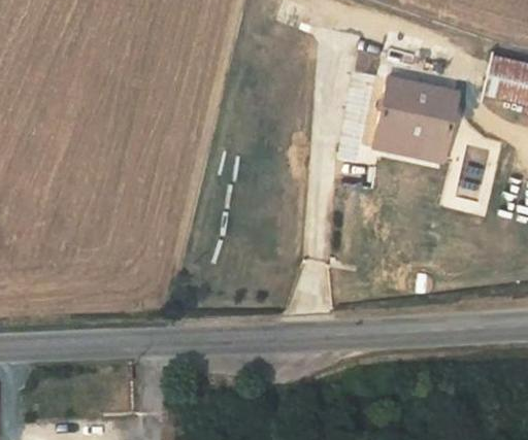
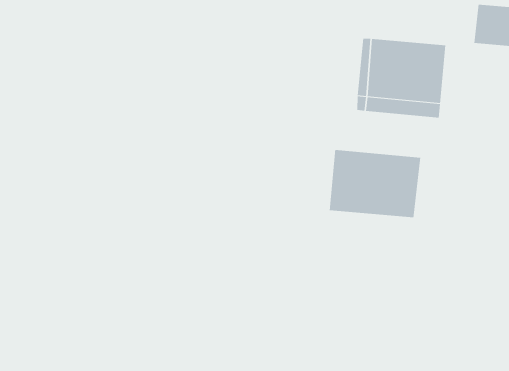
building: none -> [329,149,421,218]

